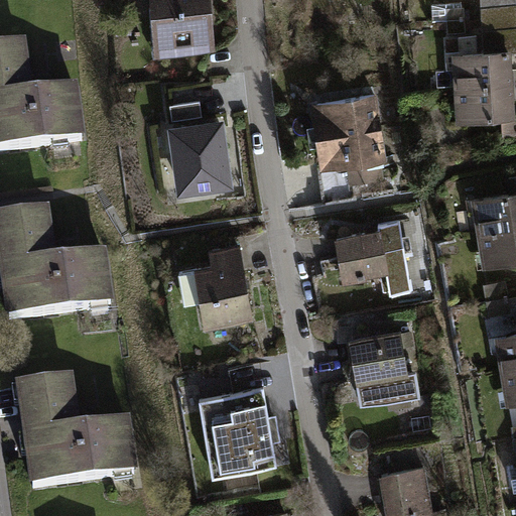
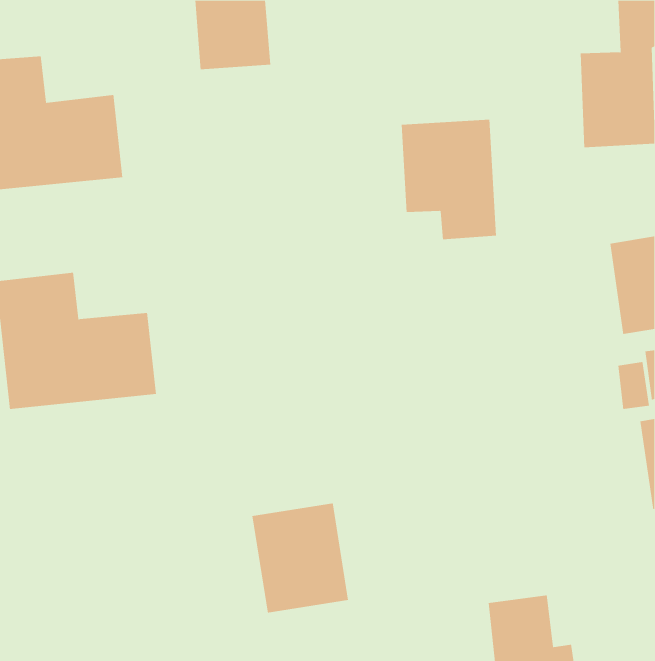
building: [161,109,223,196] -> none
building: [334,222,405,290] -> none
building: [173,248,256,321] -> none
building: [349,326,419,403] -> none
building: [18,376,144,492] -> none

